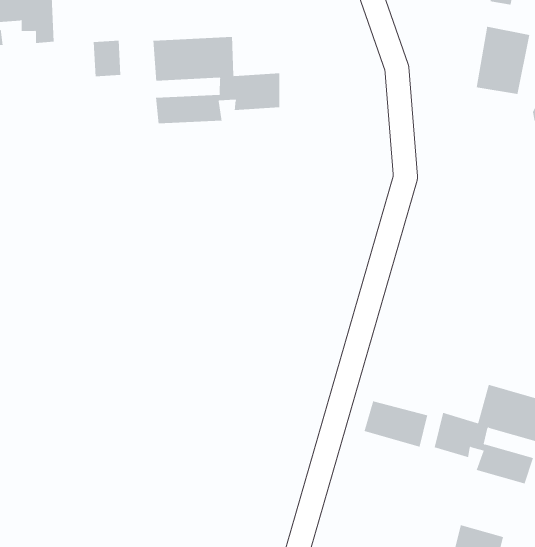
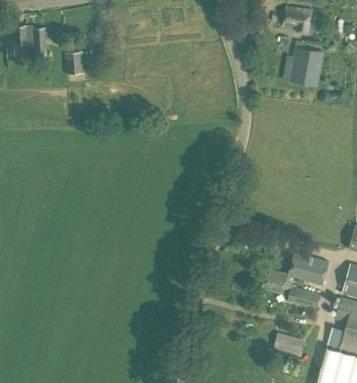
building: [153,36,280,124] -> none
building: [364,401,428,448] -> none

